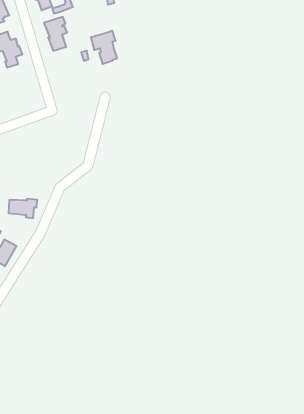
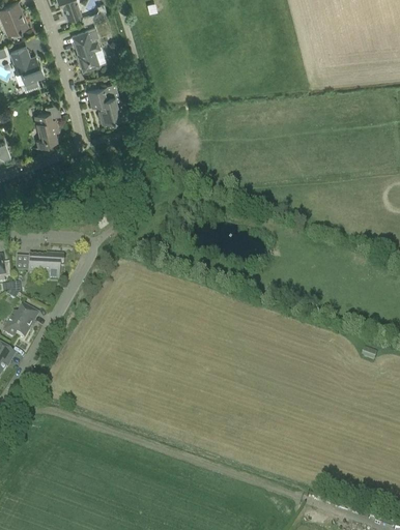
building: [91,31,117,64] -> [87,82,120,123]
building: none -> [33,111,58,146]

